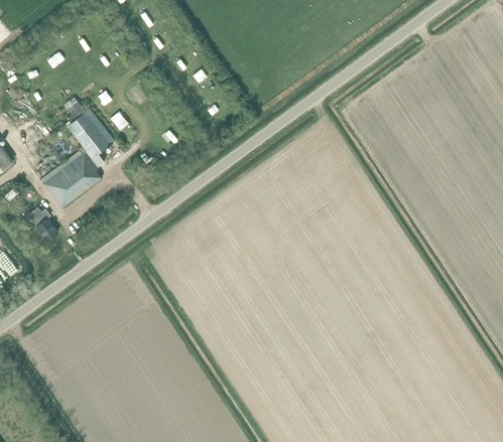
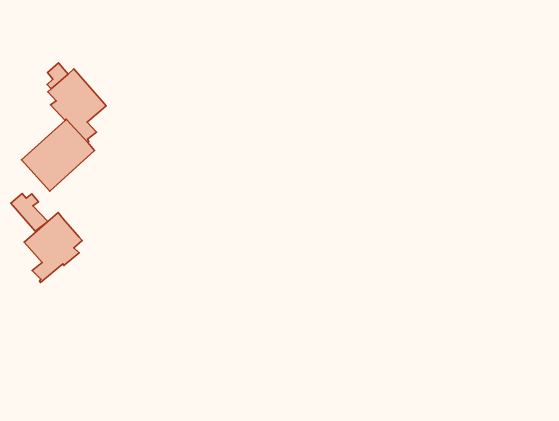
building: none -> [24,212,82,283]

